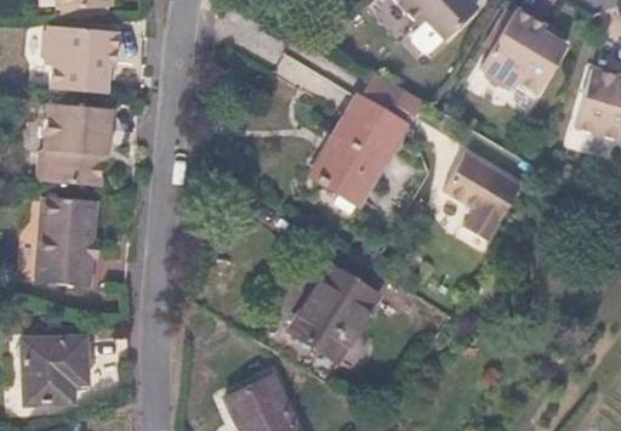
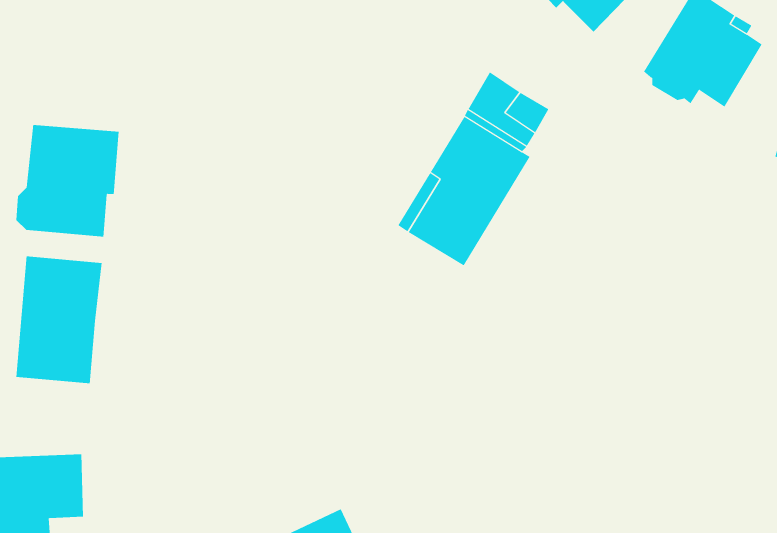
building: [41,24,120,91] -> none
building: [443,152,519,240] -> none
building: [291,266,377,359] -> none

